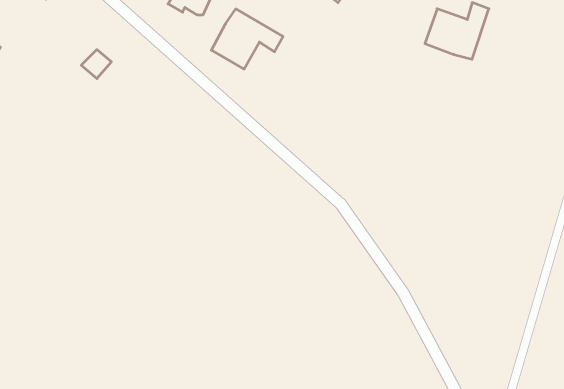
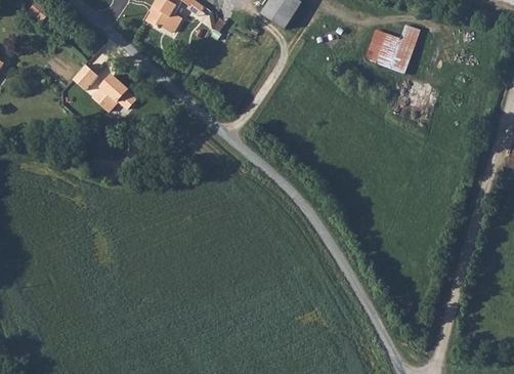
building: [211,9,283,69] -> none
building: none -> [92,71,137,110]

